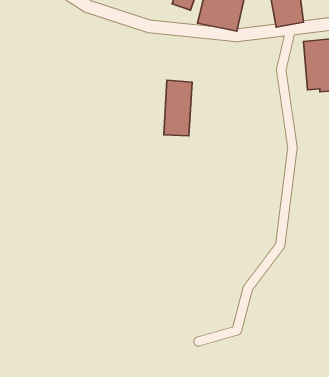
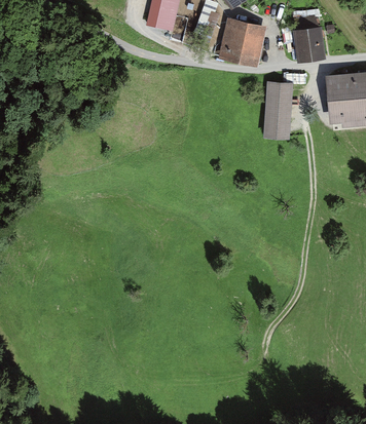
building: [164,80,192,136] -> [263,82,292,139]

